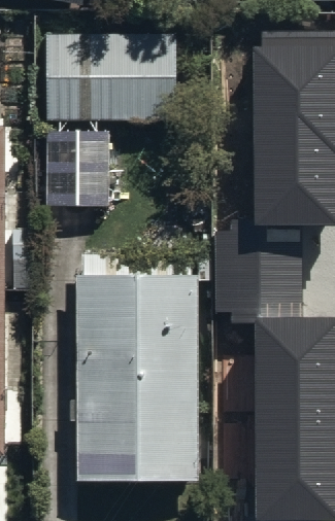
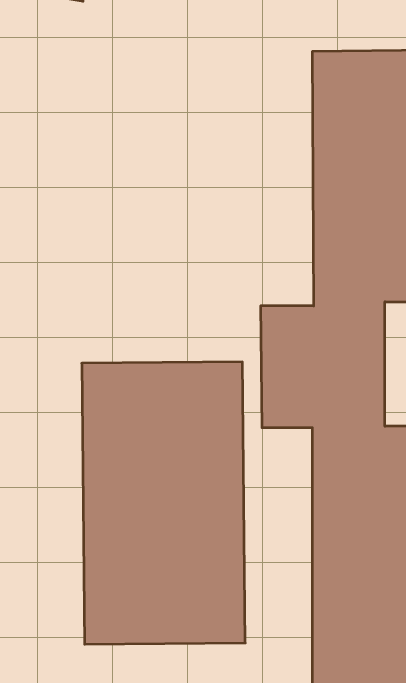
building: [46,47,173,137] -> none

